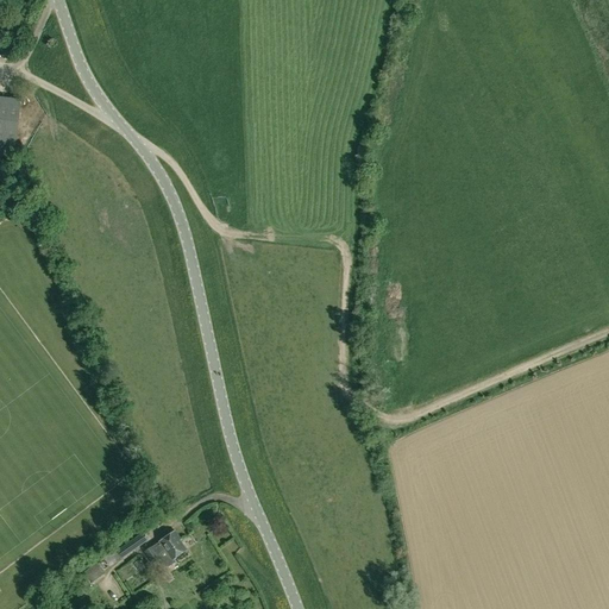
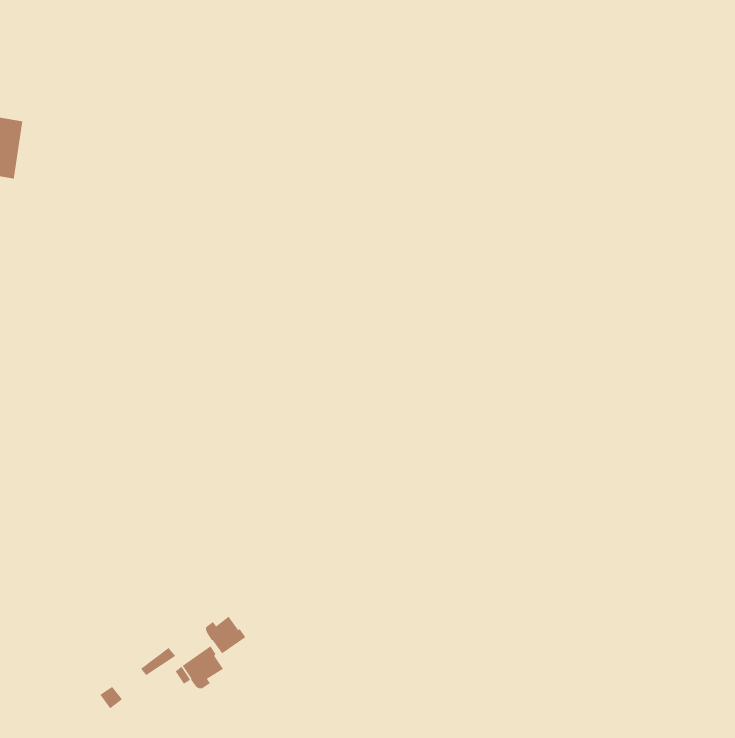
building: none -> [205,616,246,654]

